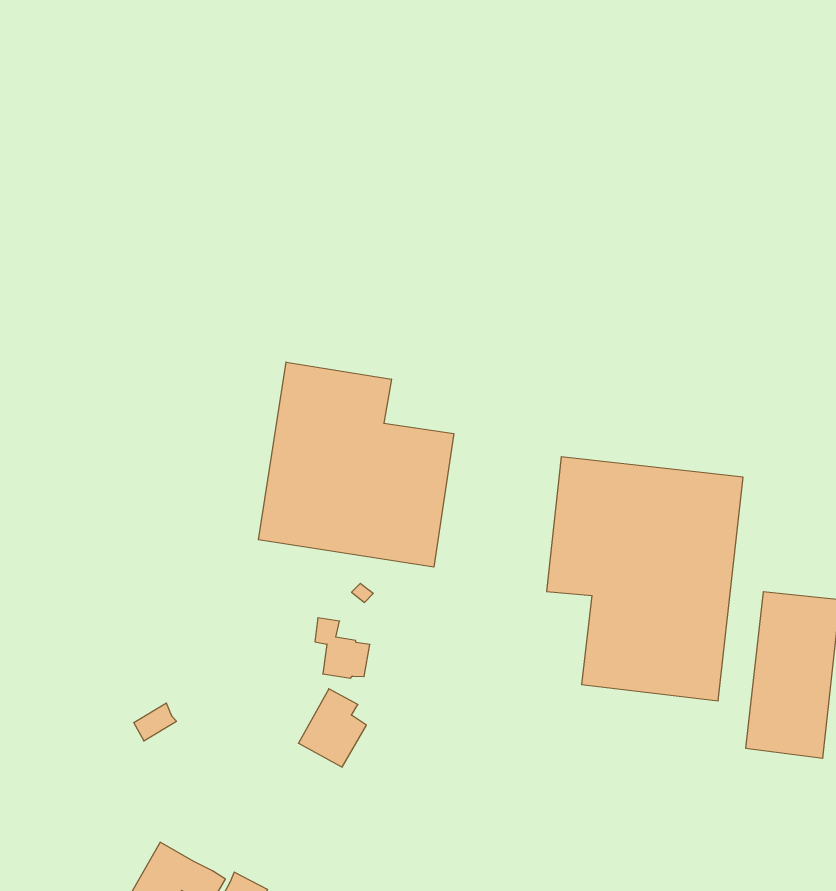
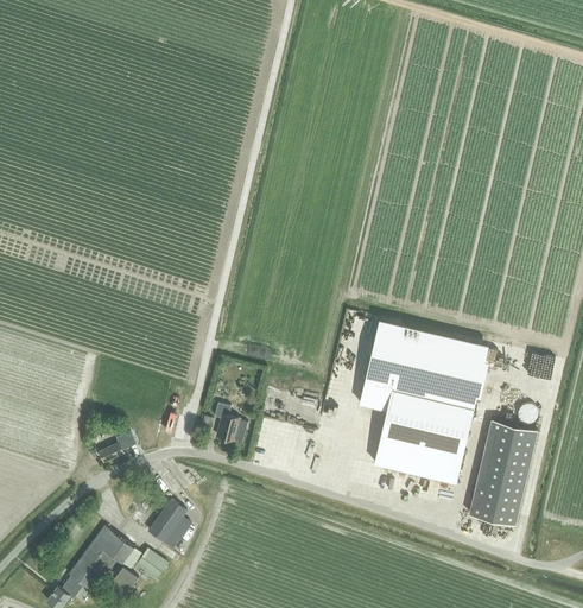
building: [258,362,454,567] -> none
building: [298,689,366,767] -> [147,499,190,547]

